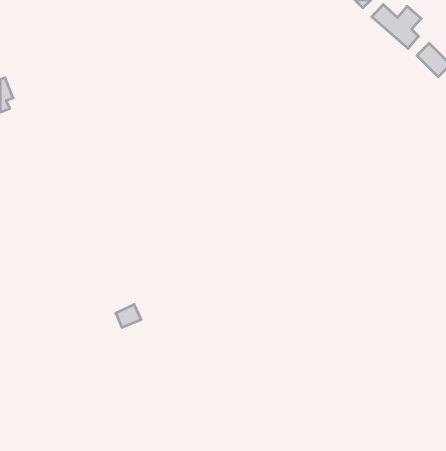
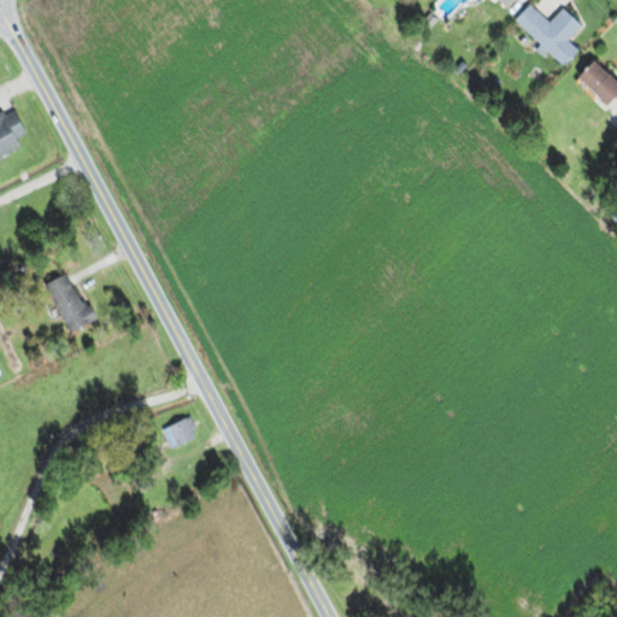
building: none -> [46,271,93,331]

